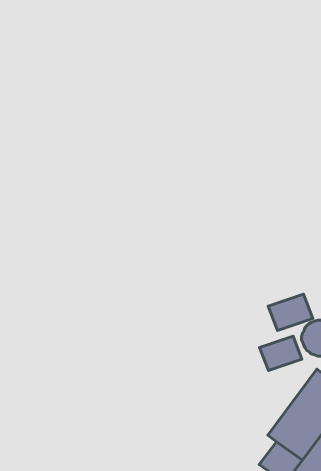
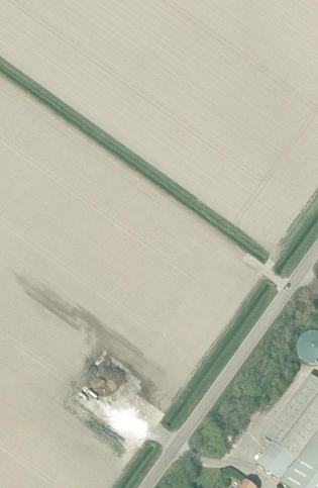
building: [268,294,313,330] -> none
building: [260,336,302,370] -> none

